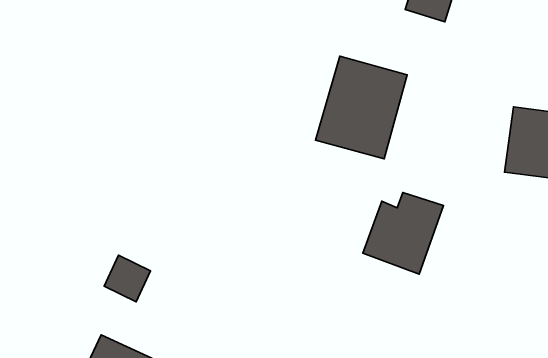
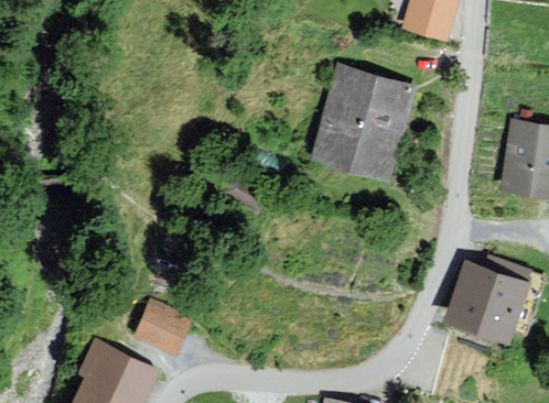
building: [363,192,444,274] -> [450,259,530,340]
building: [104,255,150,302] -> [140,305,186,351]

